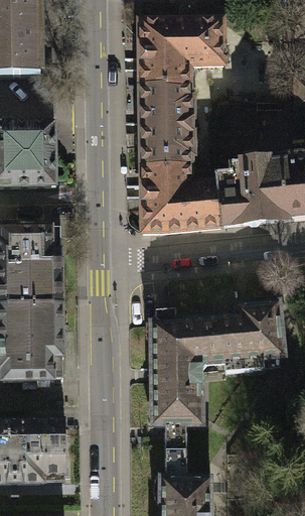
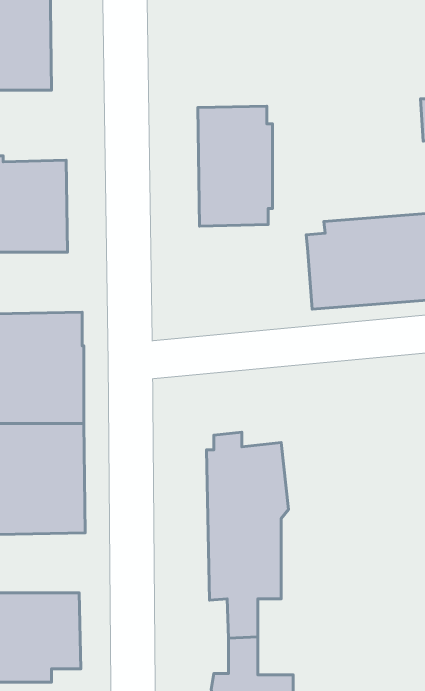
building: [139,18,224,85] -> none
building: [142,165,219,231] -> none
building: [198,299,281,371] -> none

